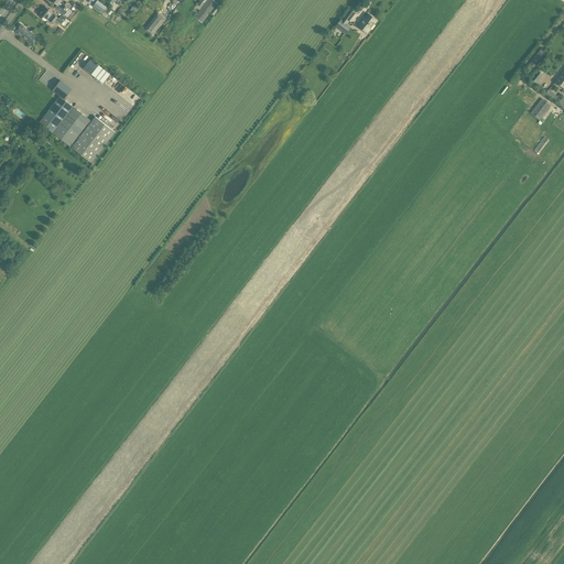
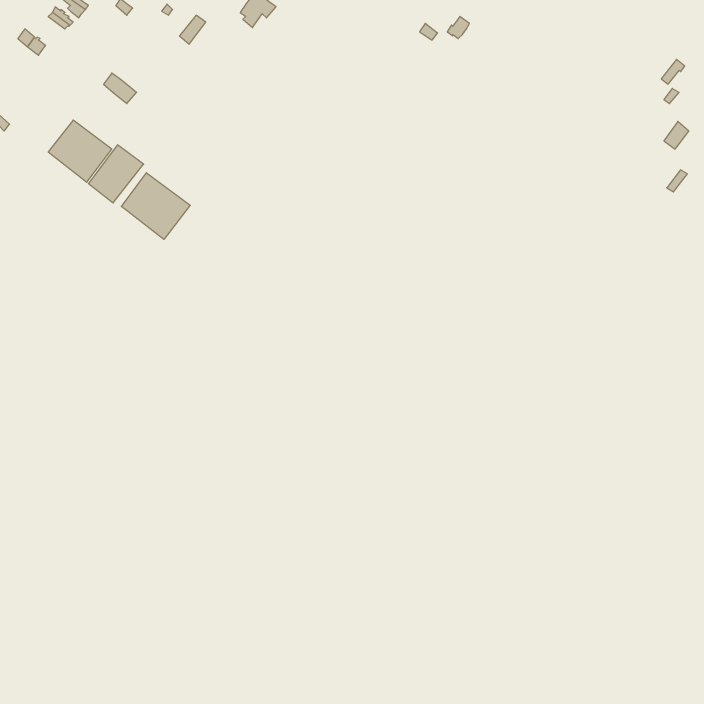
building: none -> [121,173,190,239]

